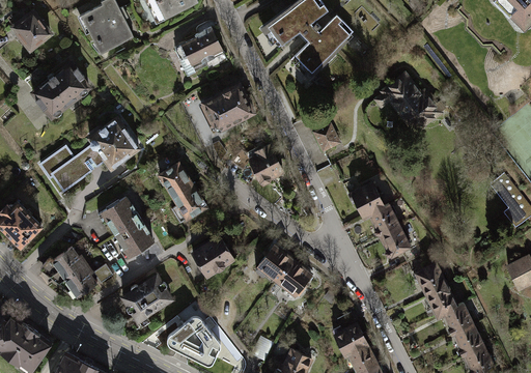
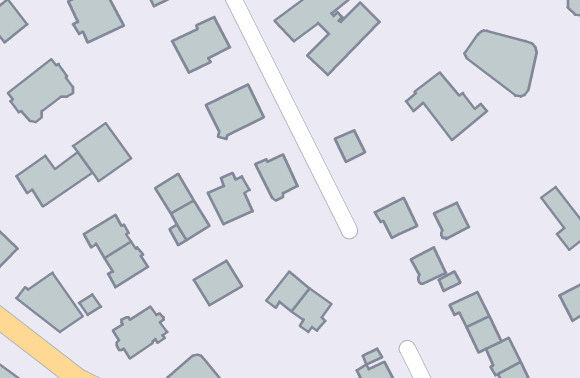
building: none -> [464,30,537,97]
building: none -> [208,173,253,224]
building: [369,204,399,235] -> [434,203,469,239]

